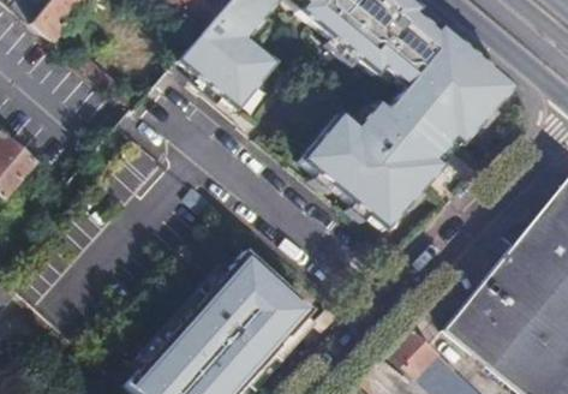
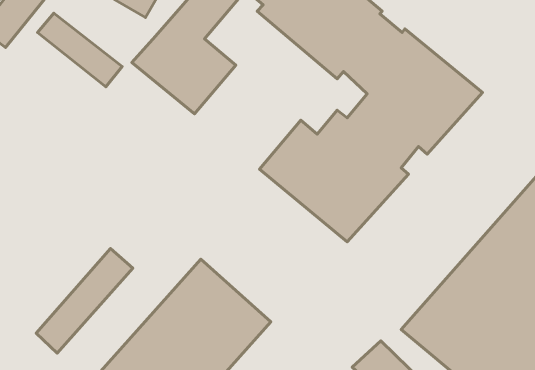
building: none -> [37,13,122,87]
building: none -> [36,249,133,353]

